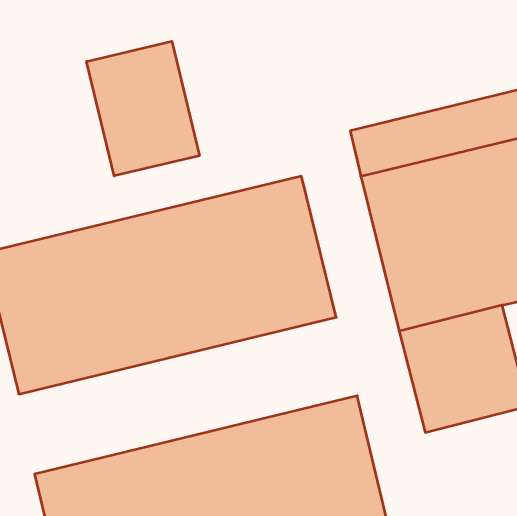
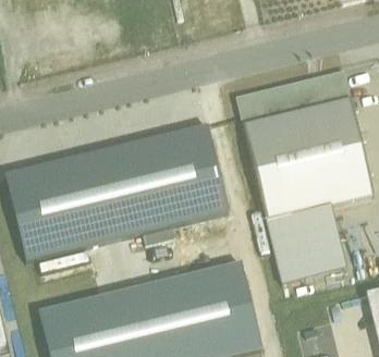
building: [87,41,199,176] -> none

